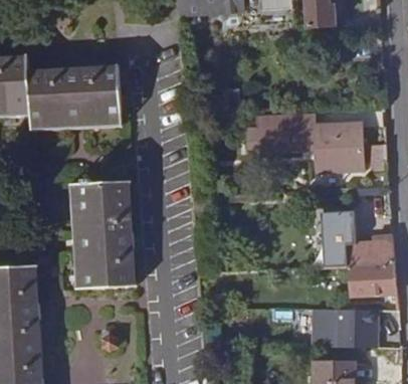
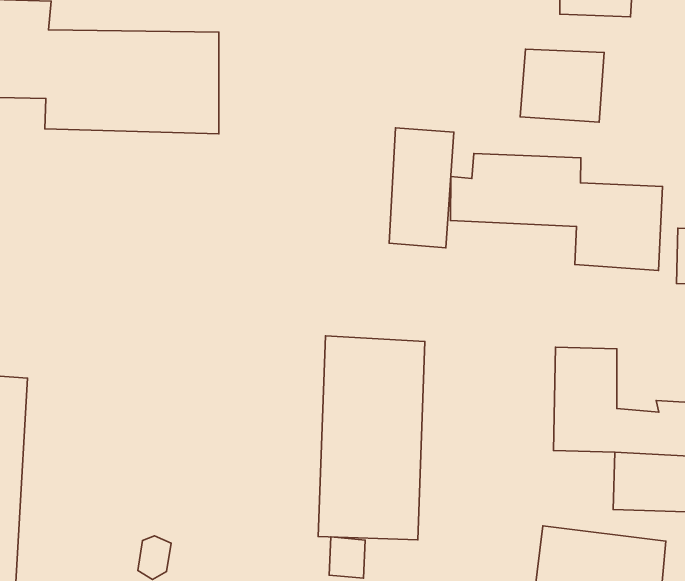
building: none -> [520,49,604,122]
building: none -> [389,128,454,248]
building: [76,178,135,285] -> [318,336,425,540]

